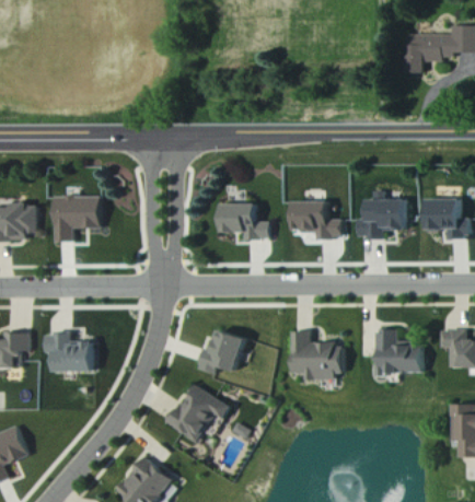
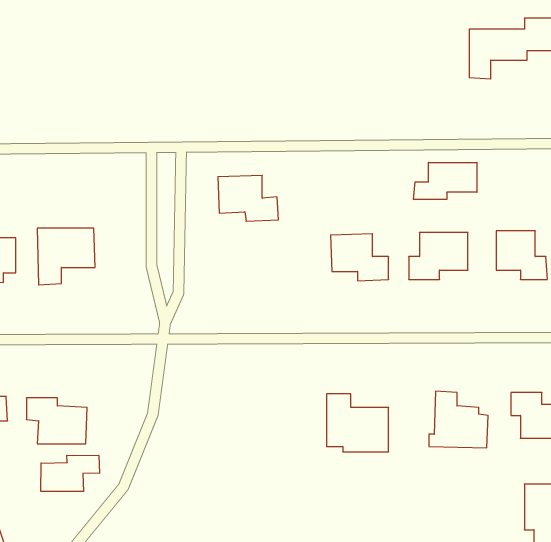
building: none -> [413,162,477,199]
building: [220,202,269,240] -> [218,175,278,221]
building: [198,328,246,374] -> none
building: none -> [41,455,99,491]
building: [170,383,230,441] -> none

